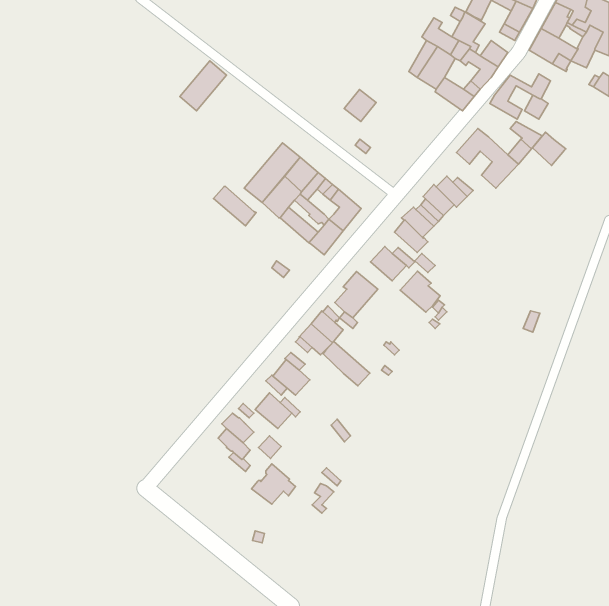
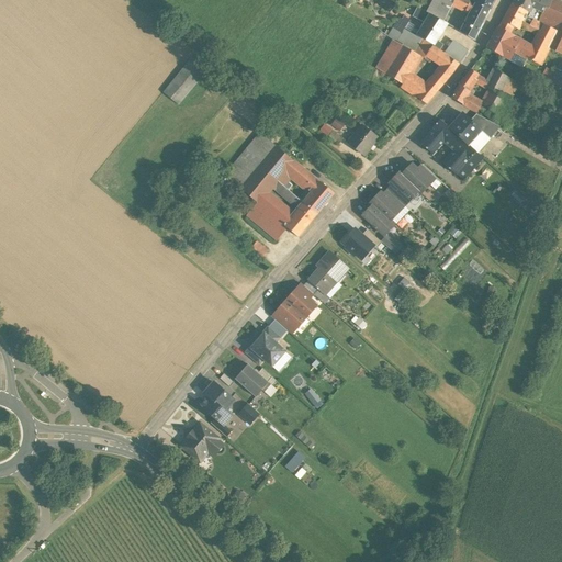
building: [344,89,376,122] -> [347,123,376,153]
building: [532,132,566,166] -> [450,112,481,143]
building: [213,186,256,226] -> [247,201,286,237]
building: [400,271,440,312] -> none
building: [323,341,370,386] -> none
building: [251,464,296,504] -> [181,422,222,459]

